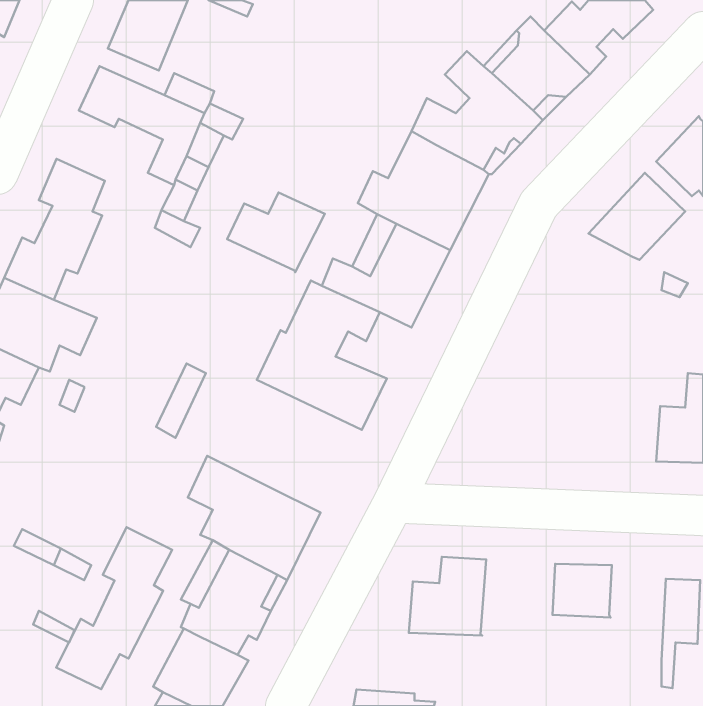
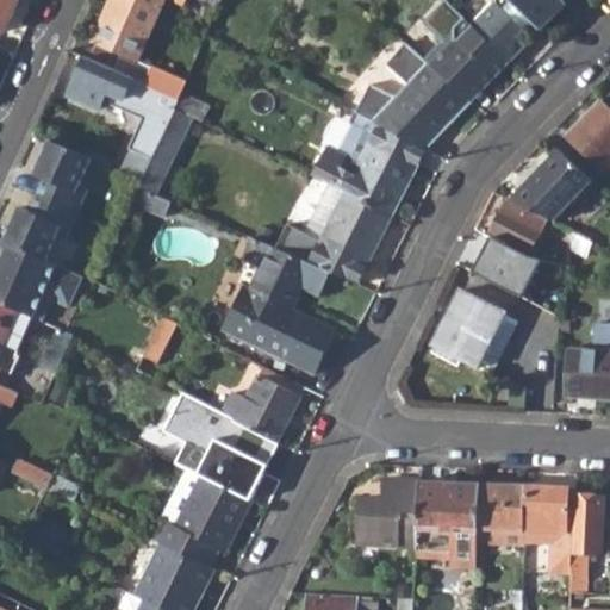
building: [227,193,325,272] -> none
building: none -> [490,201,546,253]
building: none -> [472,239,540,301]
building: none -> [432,292,503,369]
building: none -> [234,375,298,442]
building: [56,527,172,689] -> none
building: none -> [415,483,479,575]
building: none -> [525,487,574,569]

